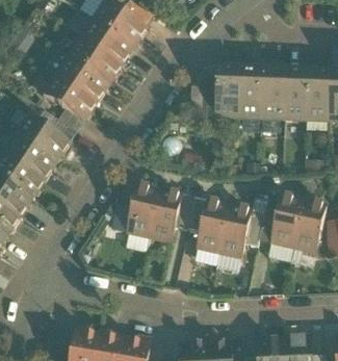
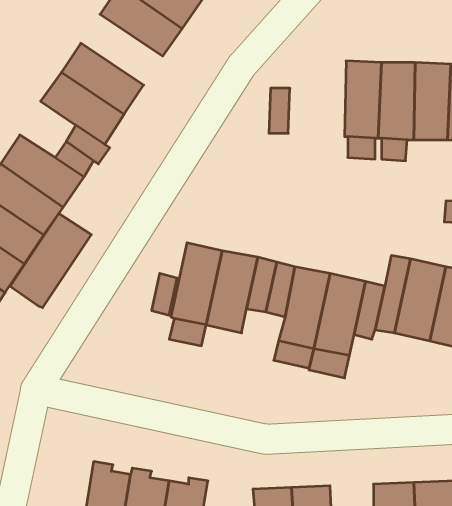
building: [68,36,121,82] -> none
building: [214,66,239,115] -> none
building: none -> [10,213,91,308]

